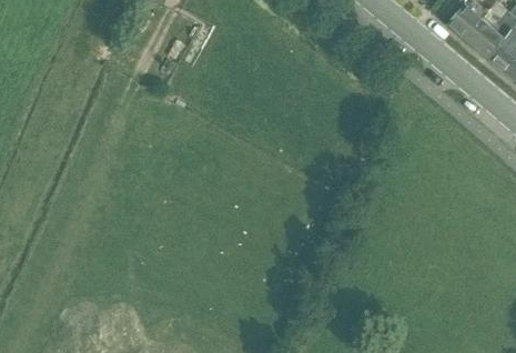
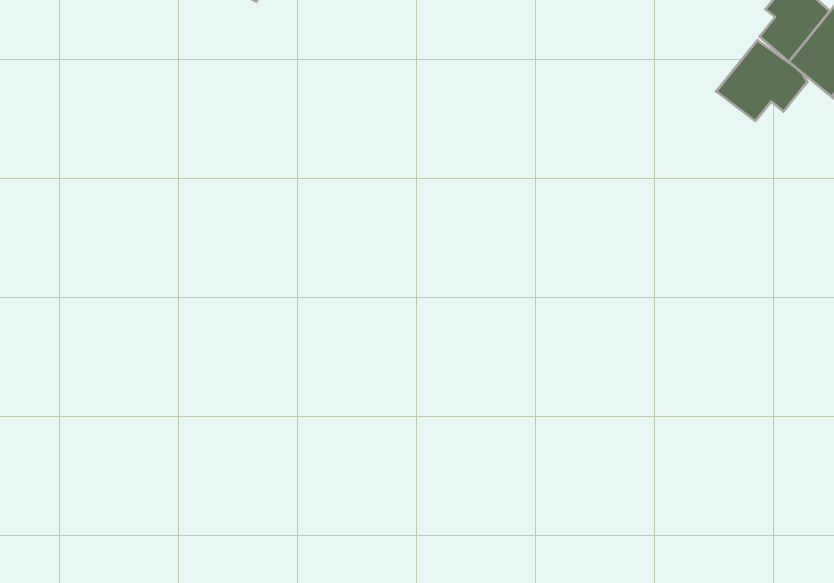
building: none -> [716,40,807,121]

